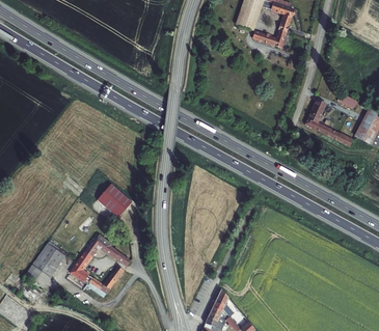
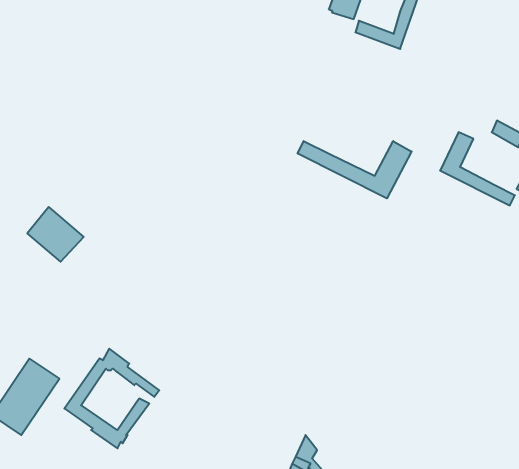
building: none -> [298,141,412,198]
building: [98,184,133,218] -> [27,207,84,262]

